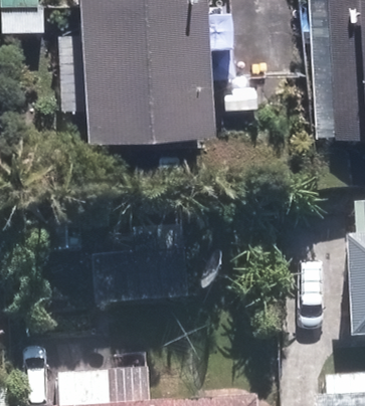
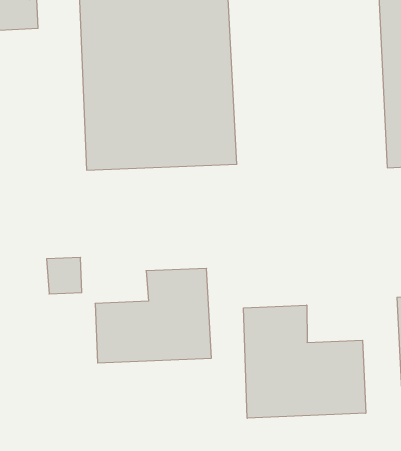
building: none -> [244,305,366,418]

